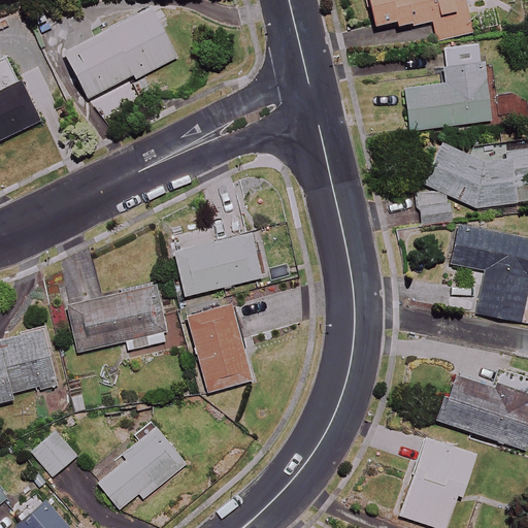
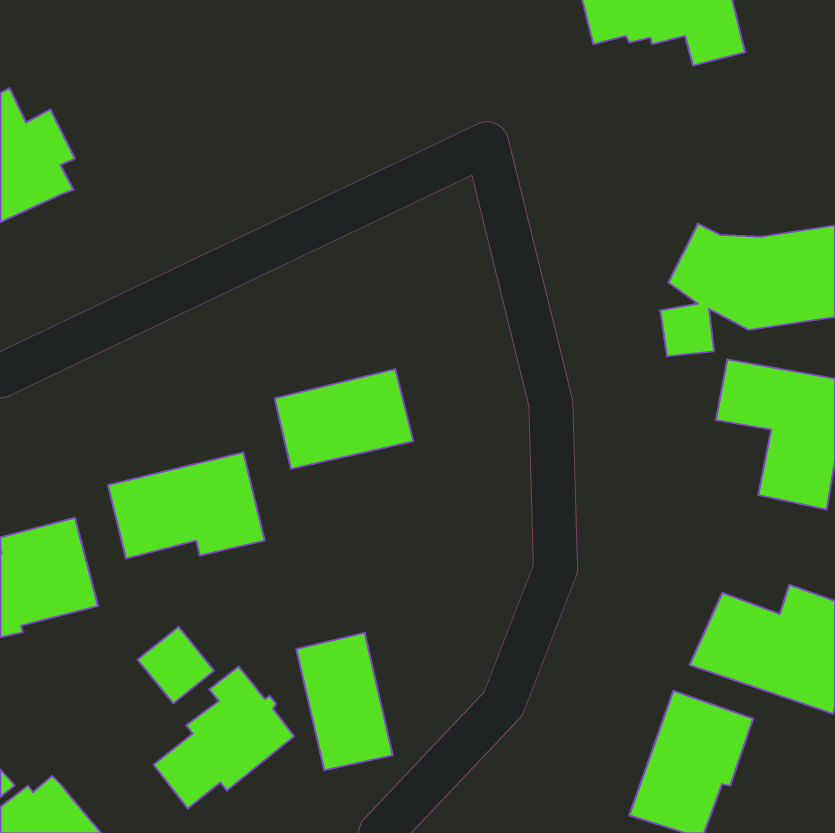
building: [63,8,175,100] -> none
building: [403,43,491,131] -> none
building: [189,305,250,392] -> [296,633,393,770]
building: [29,429,77,477] -> [138,627,214,703]

